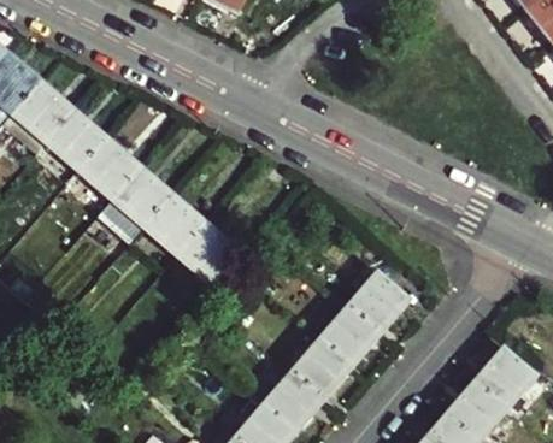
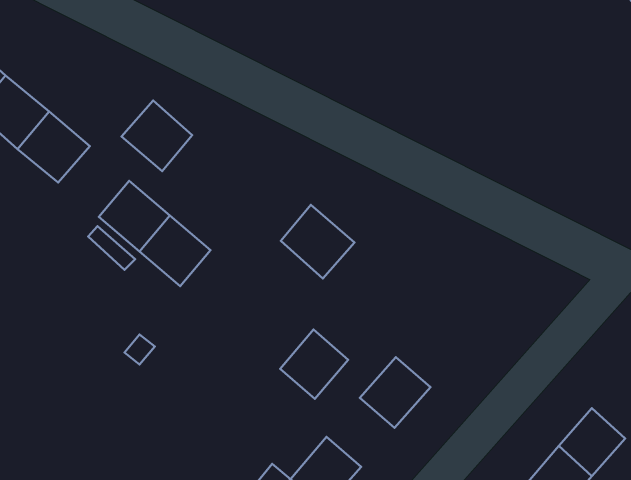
building: [78,140,135,196] -> [121,100,192,171]
building: [176,223,235,282] -> [281,205,355,279]
building: [348,274,405,332] -> none
building: [293,341,347,396] -> [280,330,348,399]

